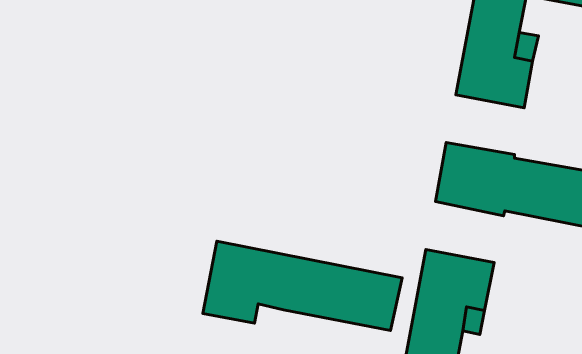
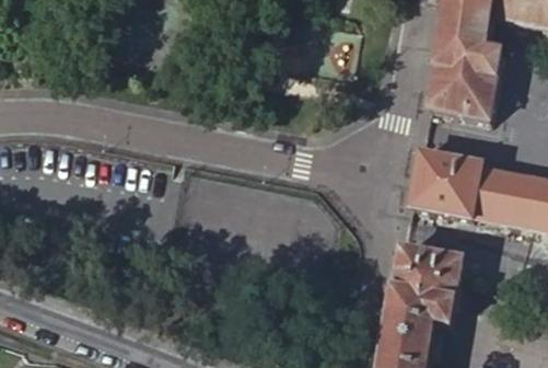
building: [203,241,402,331] -> none

